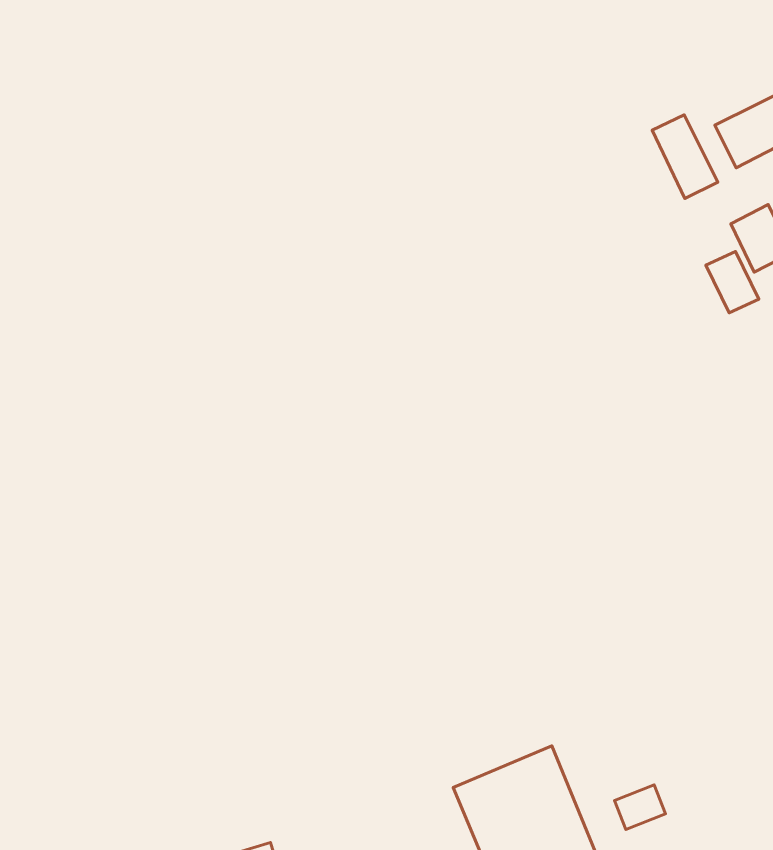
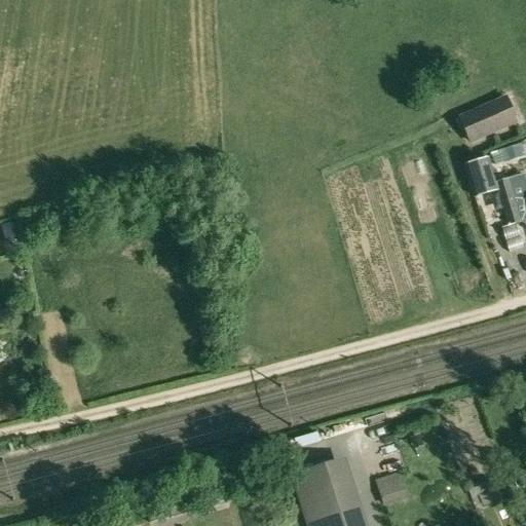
building: [652,115,718,199] -> none
building: [706,252,759,313] -> none

